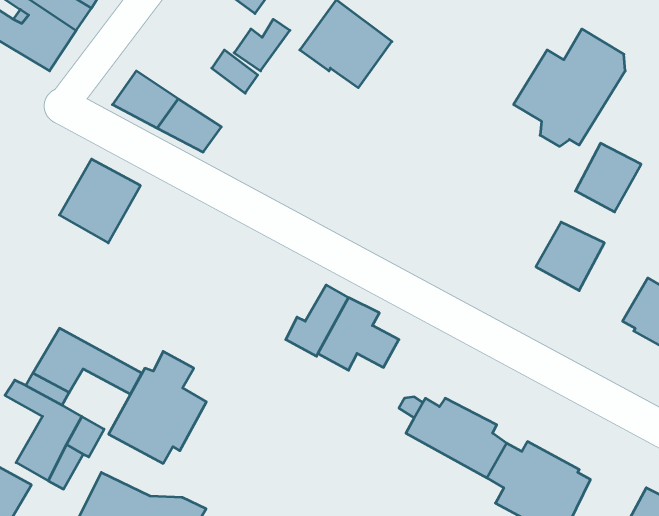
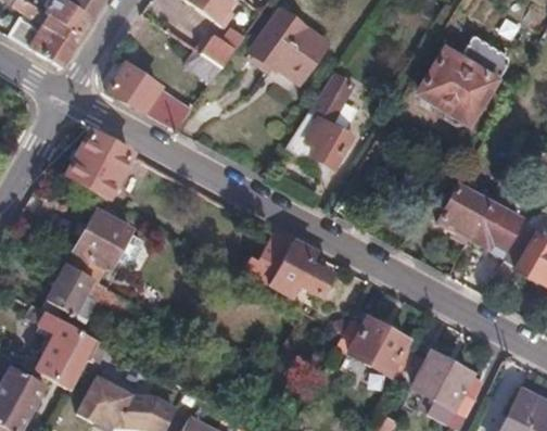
building: none -> [288,73,354,165]
building: [575,143,641,212] -> [471,200,522,253]
building: [109,351,206,463] -> [67,202,143,289]

